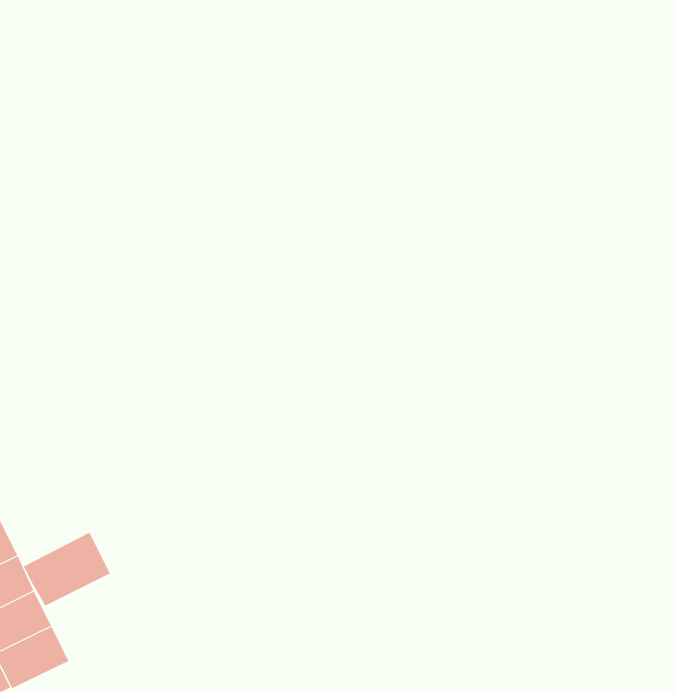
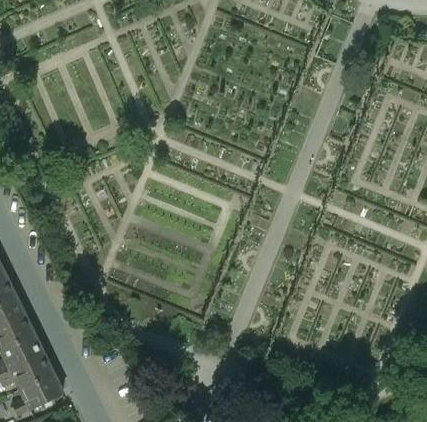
building: [23,532,110,606] -> none

